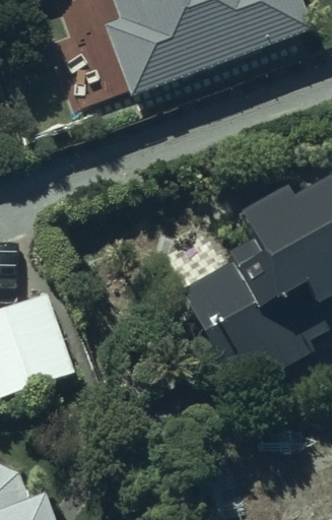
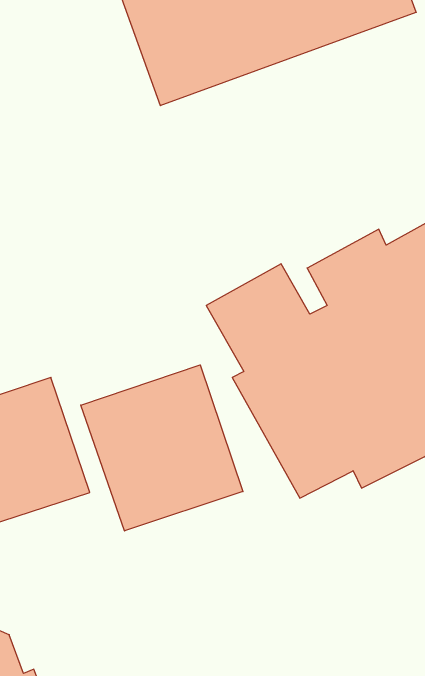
building: none -> [81,365,243,531]

